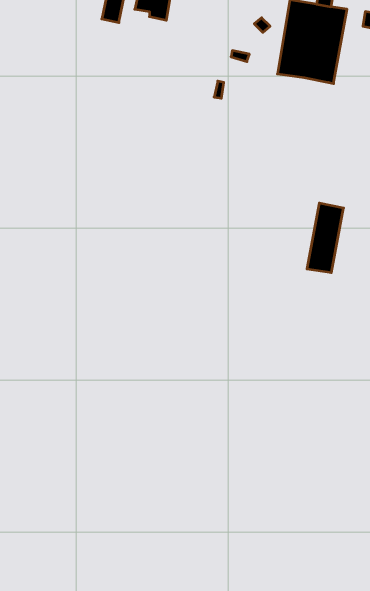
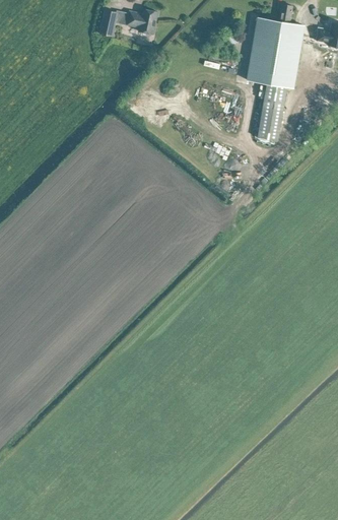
building: [307,203,344,273] -> [257,82,287,140]

